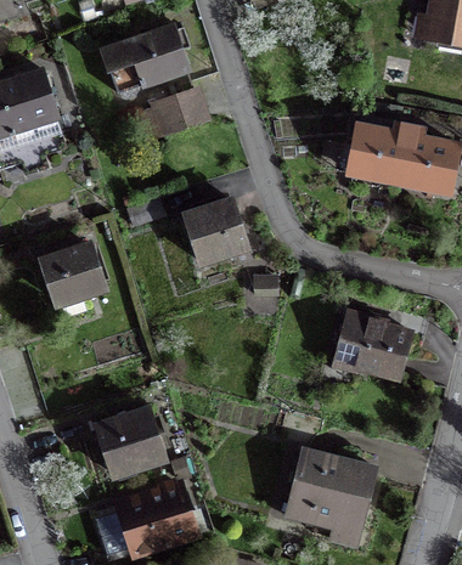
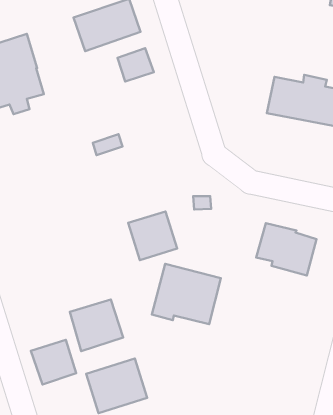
building: [185,199,247,261] -> [128,211,177,260]
building: [43,244,103,316] -> none
building: [287,448,374,525] -> [152,264,221,324]
building: none -> [31,340,76,384]

